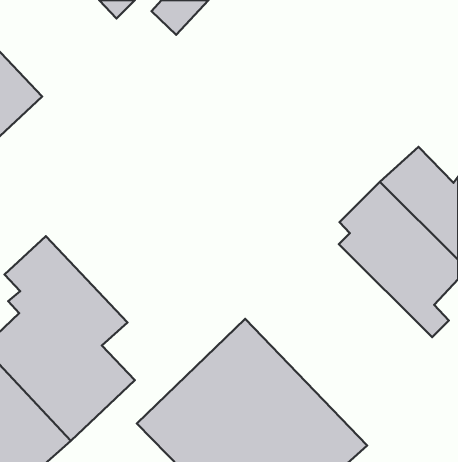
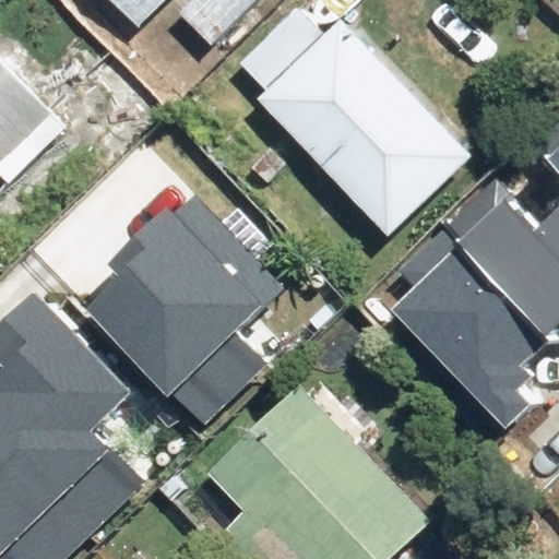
building: none -> [261,27,468,236]
building: none -> [95,191,281,413]

